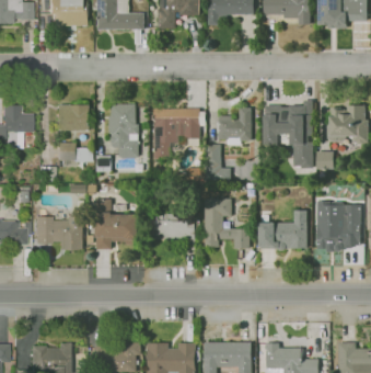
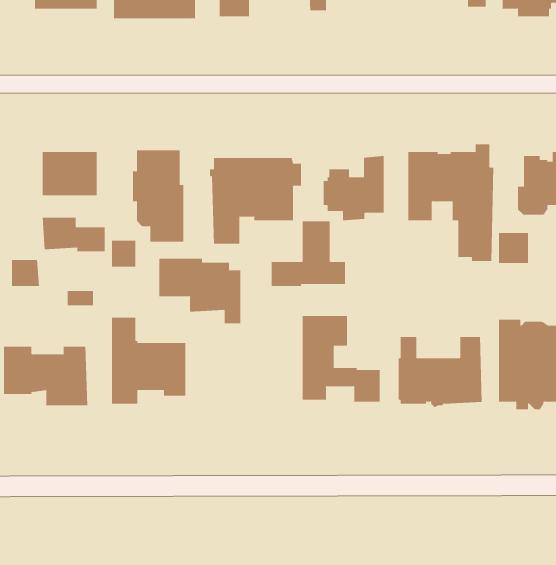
building: [148,214,195,251] -> [159,258,241,324]

